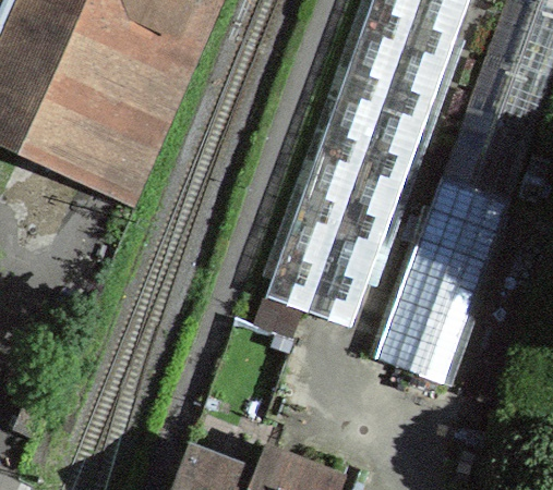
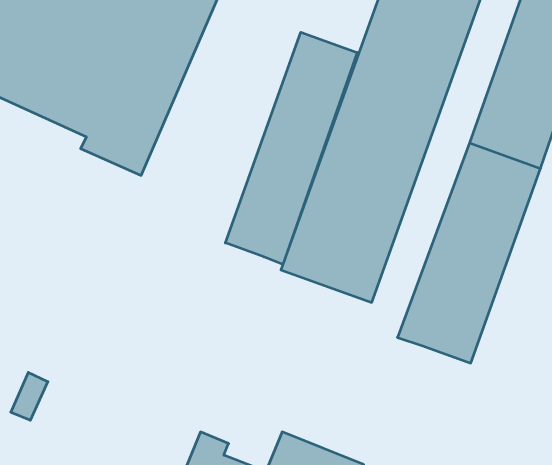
building: none -> [225,32,357,264]

